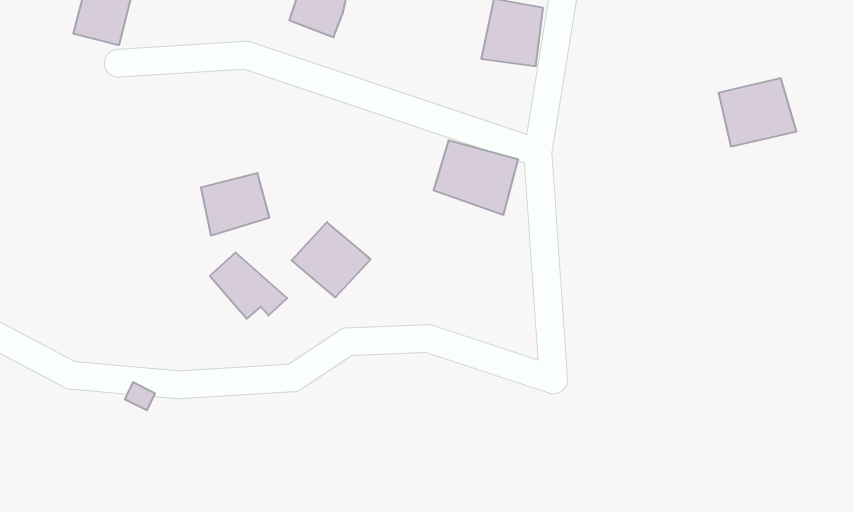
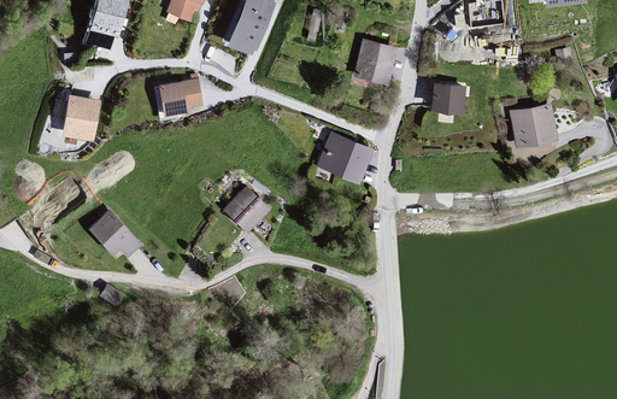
building: none -> [431,82,468,115]
building: none -> [61,96,101,143]
building: [201,173,269,236] -> [157,80,201,119]
building: [210,252,287,319] -> [90,211,141,256]

